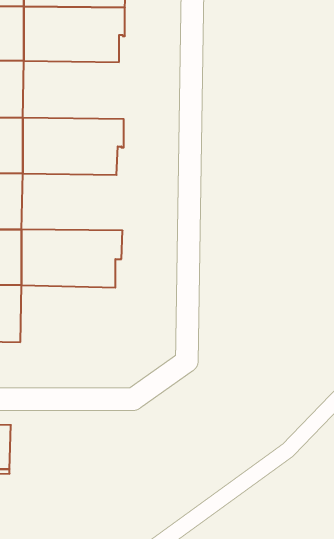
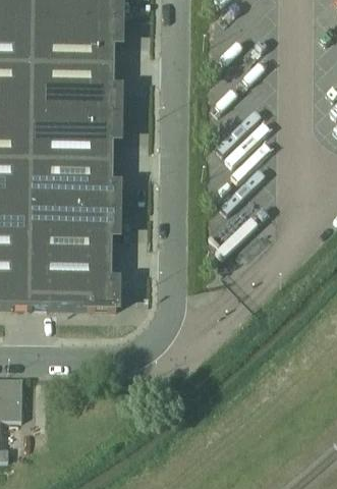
building: none -> [36,65,122,115]
building: none -> [35,162,121,211]
building: none -> [34,258,120,308]

